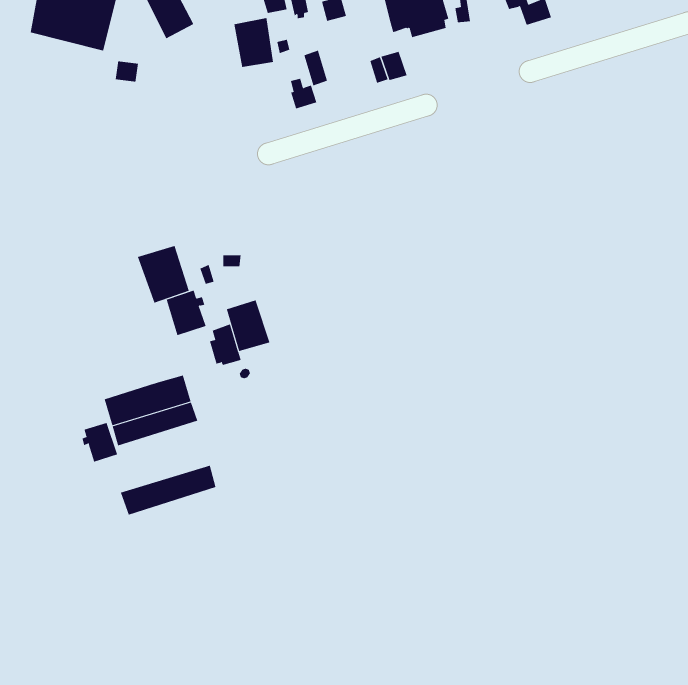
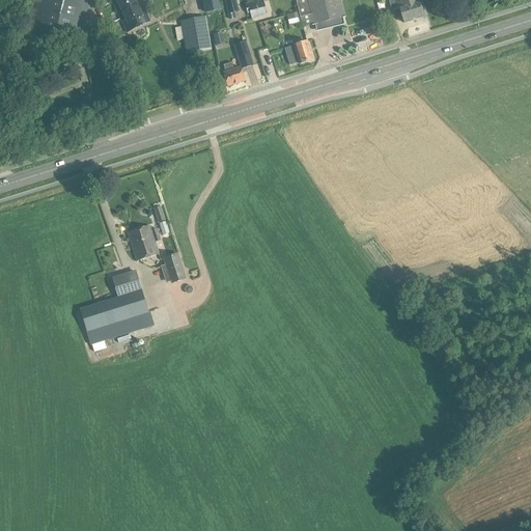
building: [137,245,190,303] -> none
building: [226,299,270,352] -> none
building: none -> [113,269,141,295]
building: [82,422,118,463] -> none
building: [120,465,216,515] -> none

